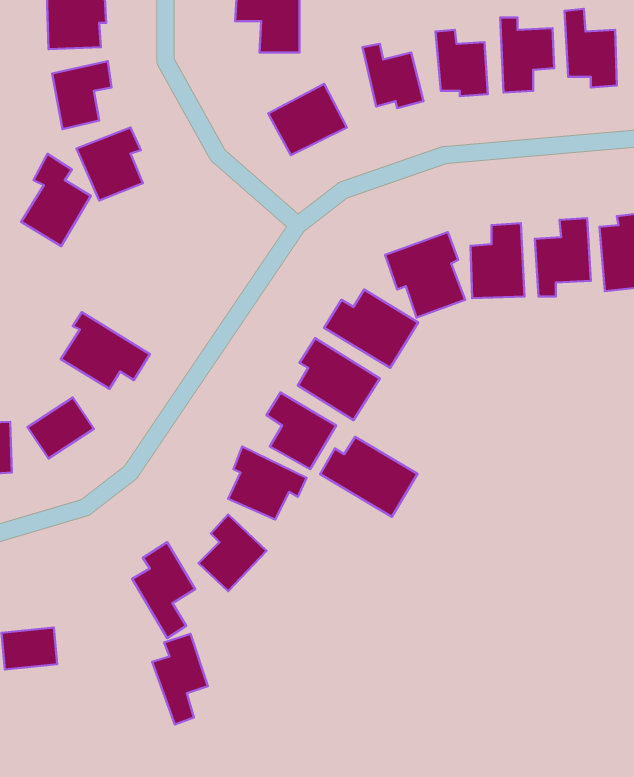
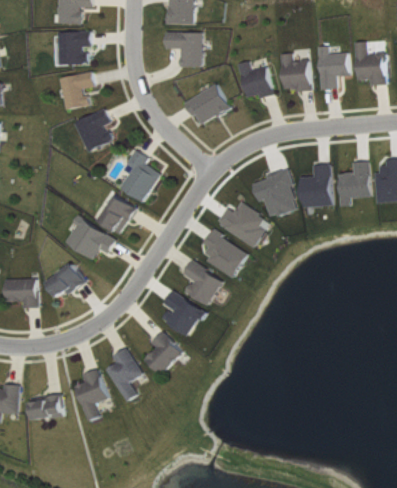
building: [21,154,91,246] -> [119,149,159,202]
building: none -> [99,195,136,234]
building: [320,437,418,517] -> none
building: [152,634,208,724] -> [75,369,107,421]

